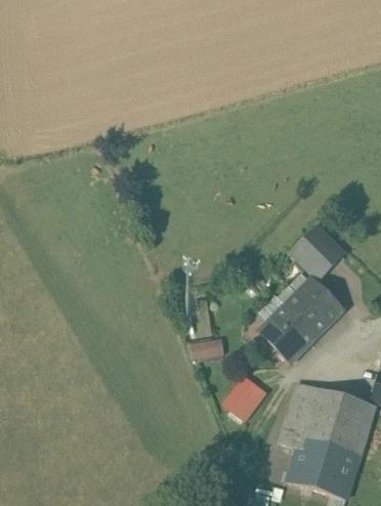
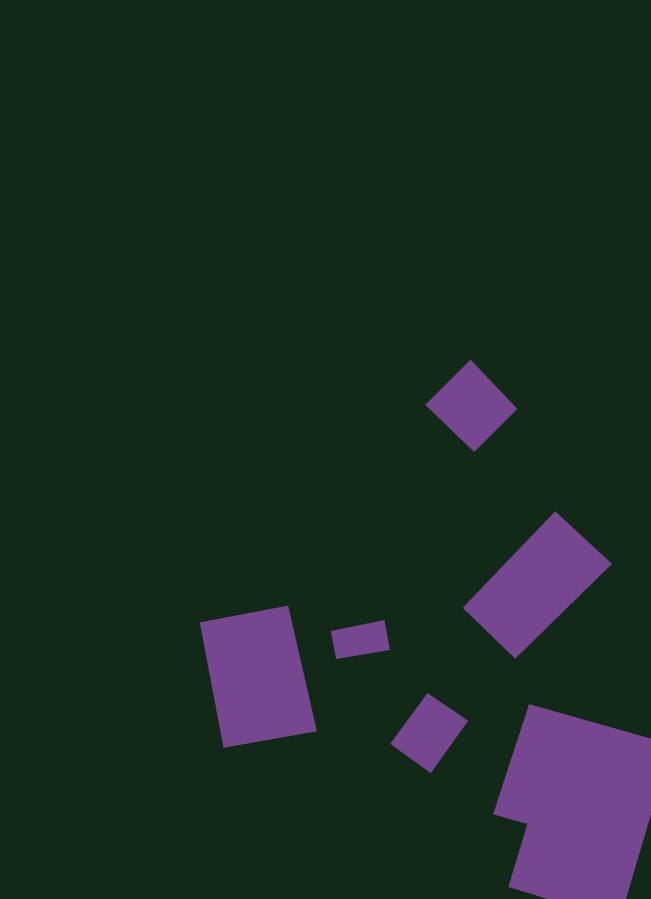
building: [293,227,343,278] -> [425,359,518,453]
building: none -> [199,605,317,748]

